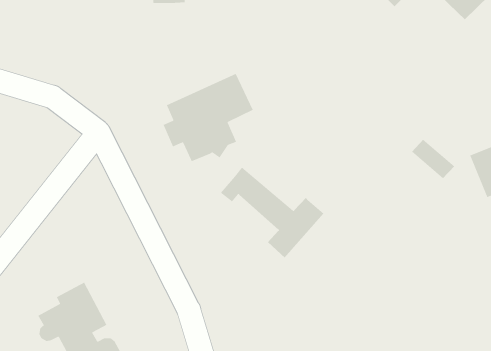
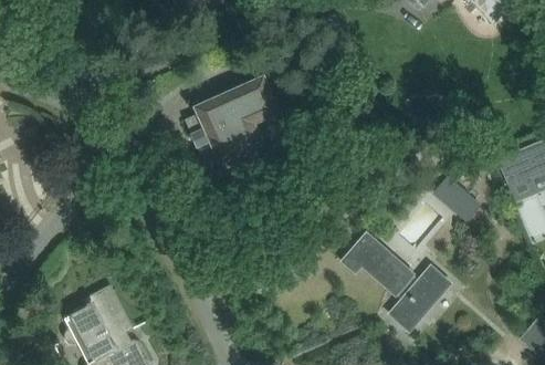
building: [411,139,455,179] -> [436,177,480,218]
building: [220,166,324,259] -> [344,234,449,327]

